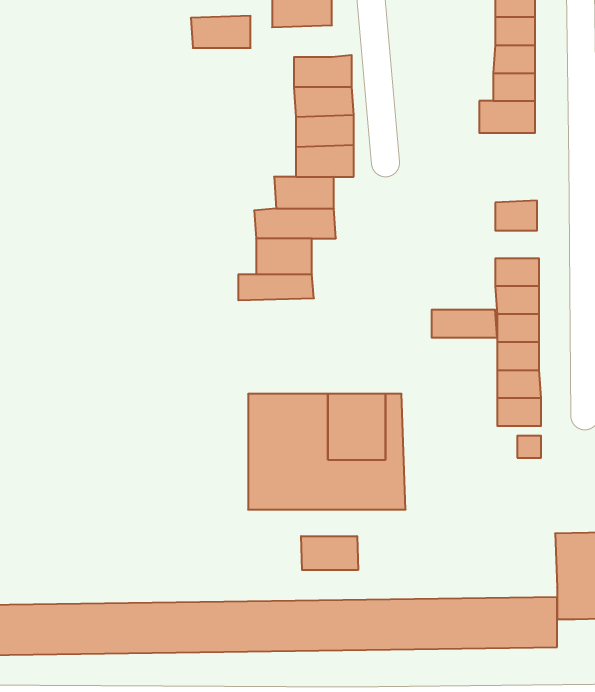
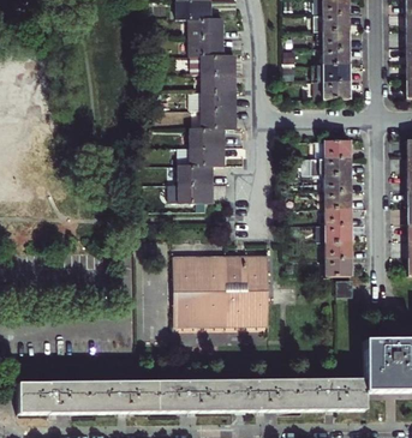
building: [191,16,251,48] -> [190,34,226,53]
building: [432,310,497,338] -> [311,157,351,174]
building: [301,536,358,570] -> none

